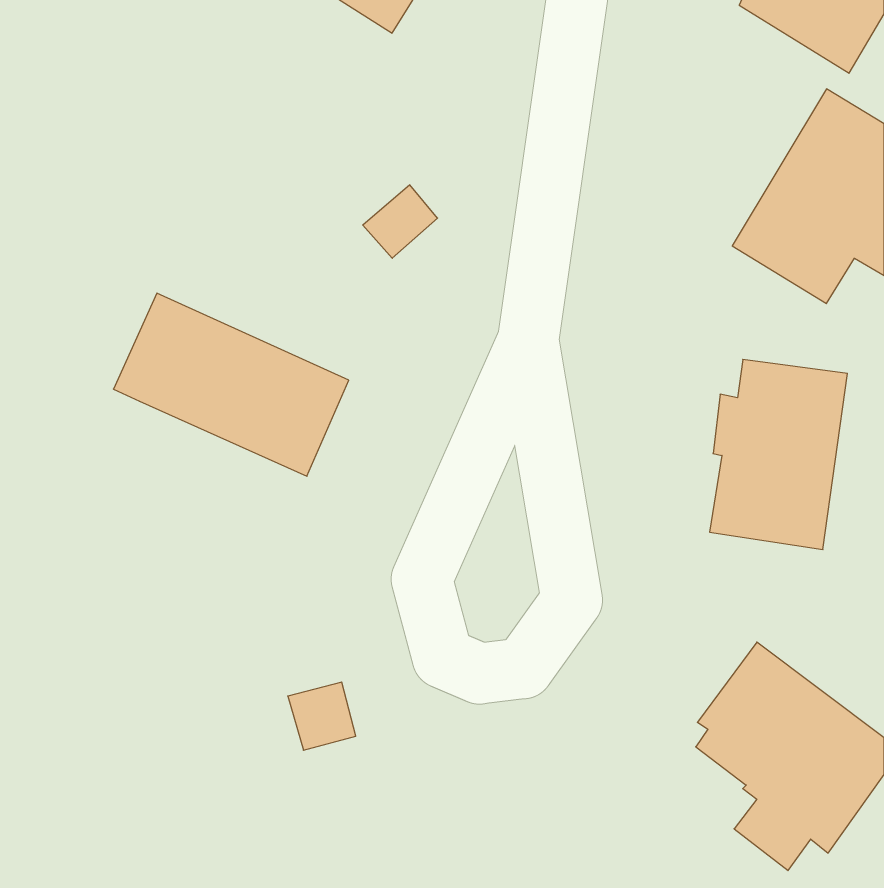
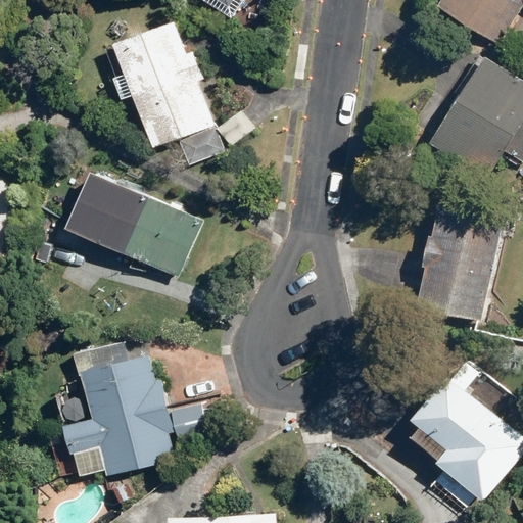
building: none -> [110,21,213,149]
building: none -> [62,340,172,475]

